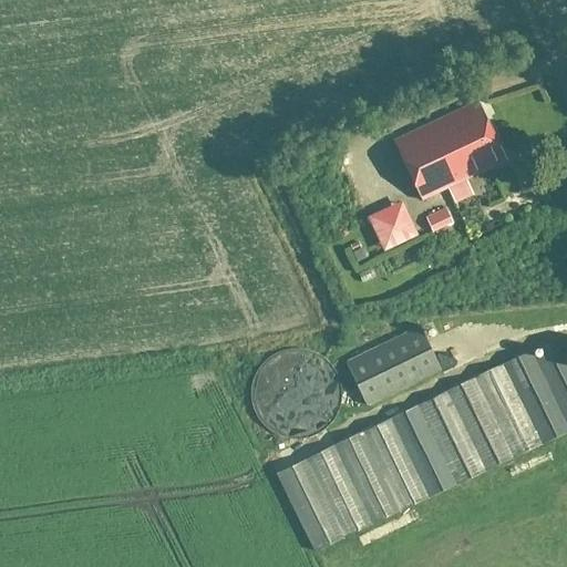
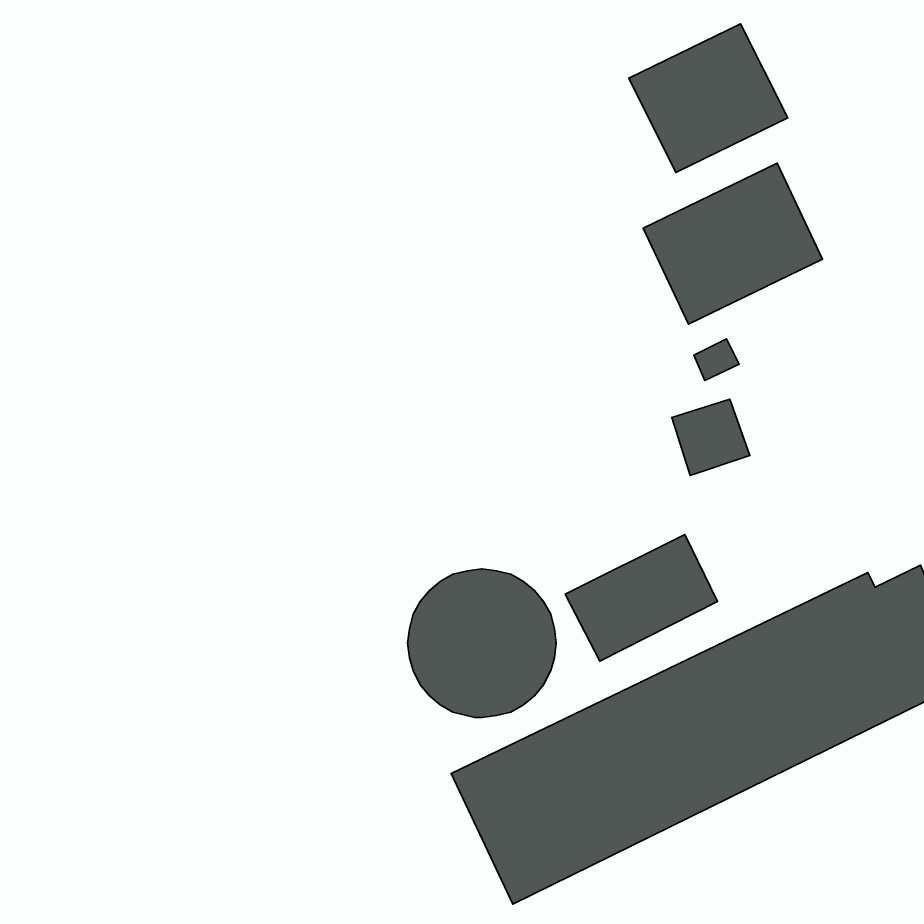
building: none -> [629,24,788,172]
building: [372,200,420,247] -> [672,399,750,475]

